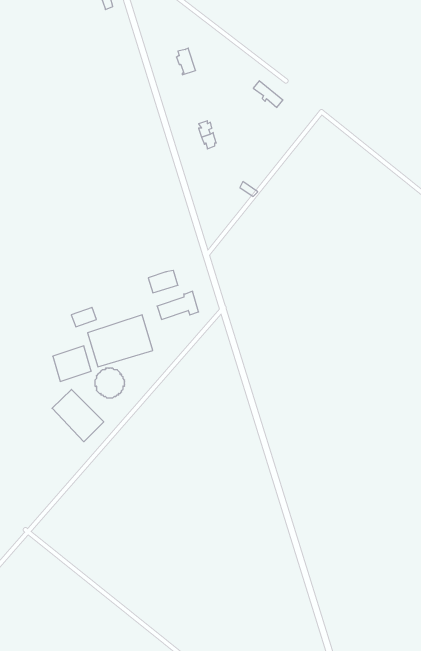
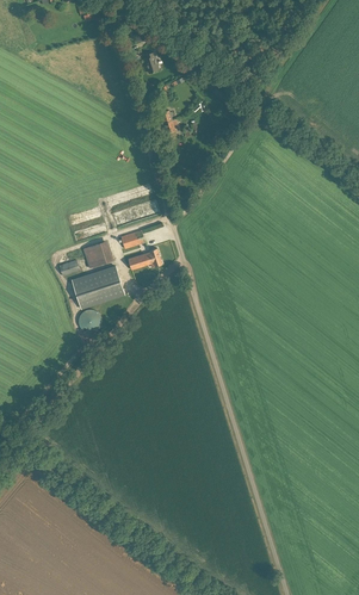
building: [53,346,91,381] -> [82,240,113,268]
building: [52,389,104,442] -> none

